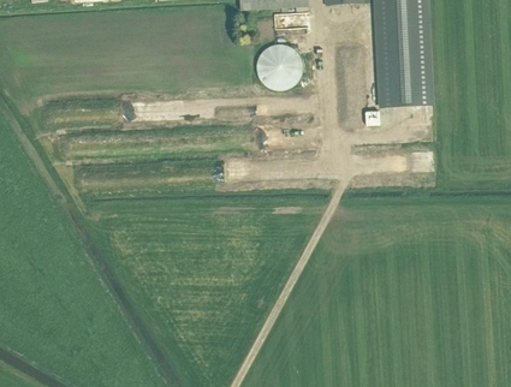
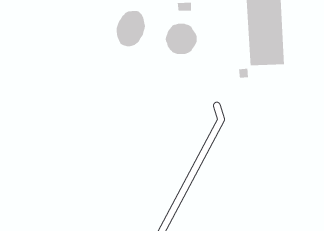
building: none -> [116,10,146,47]

